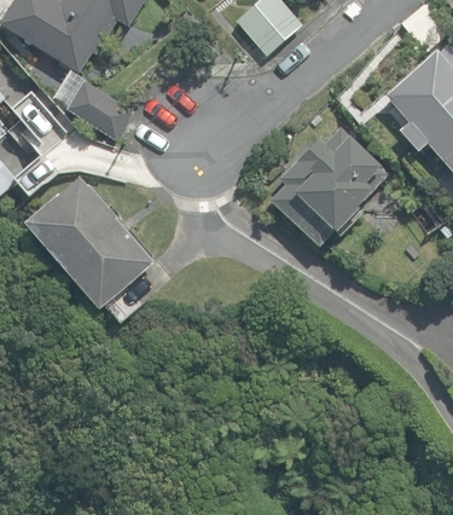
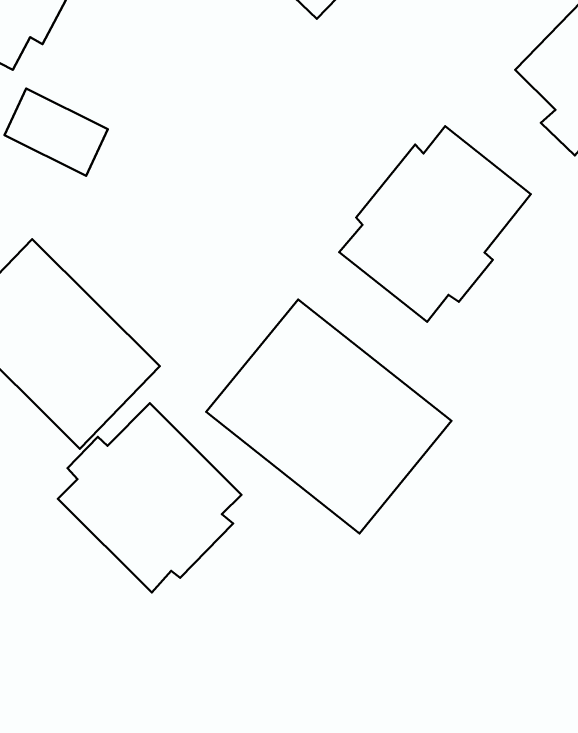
building: none -> [206,299,452,533]
building: none -> [58,403,241,592]

